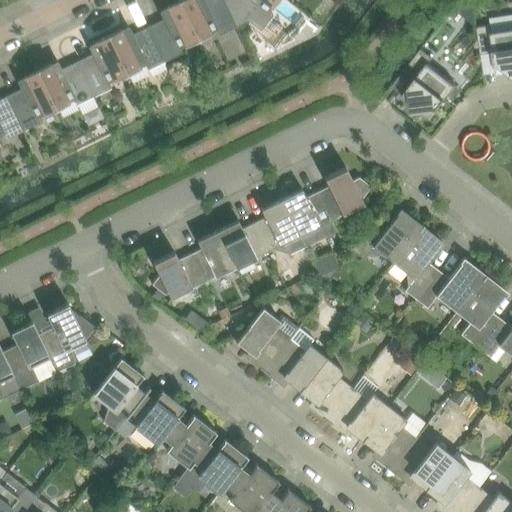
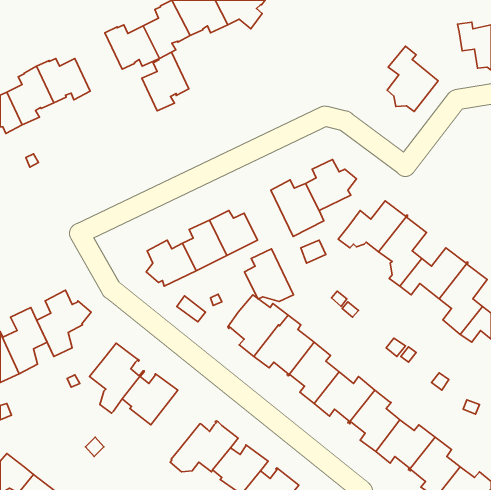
building: [78,35,127,96] -> [142,52,189,111]
building: [254,199,305,254] -> [244,249,293,302]
building: [157,407,216,467] -> none

